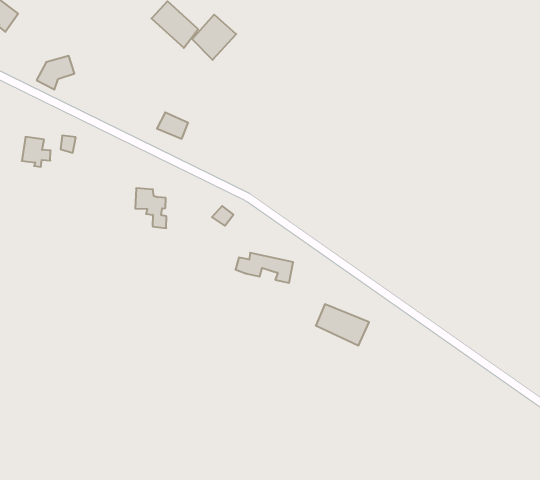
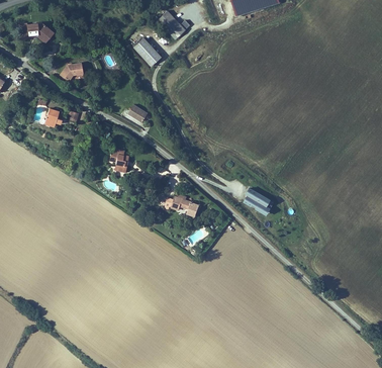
building: [192,15,236,60] -> none
building: [316,304,369,345] -> [243,186,275,213]

